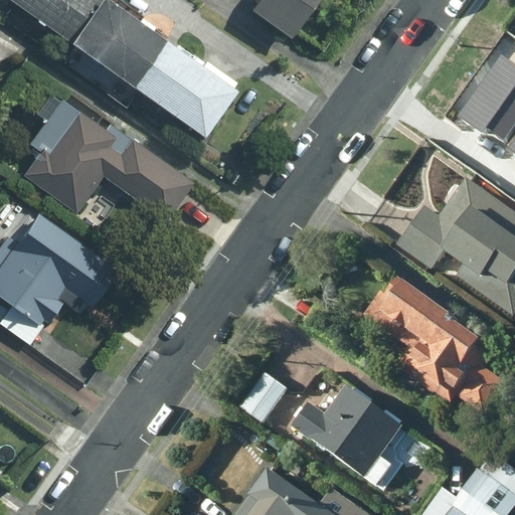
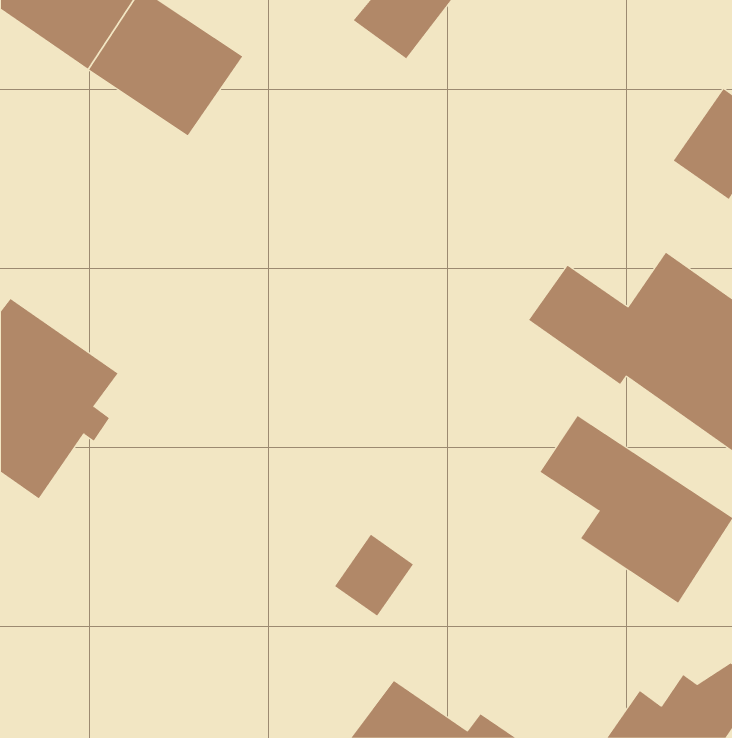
building: [136,39,243,142] -> none
building: [19,88,196,224] -> none
building: [291,372,405,481] -> none

